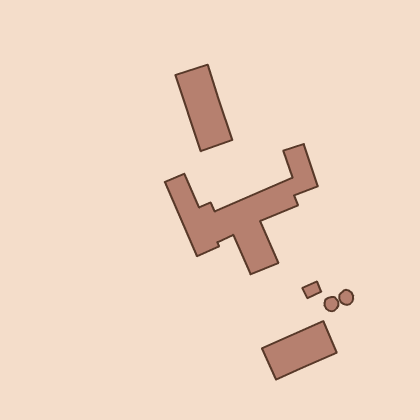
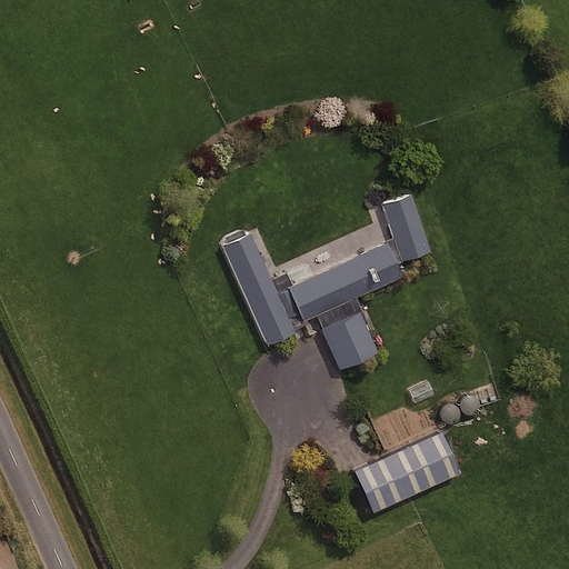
building: [175,65,232,151] -> none

